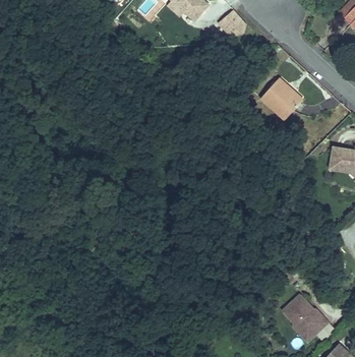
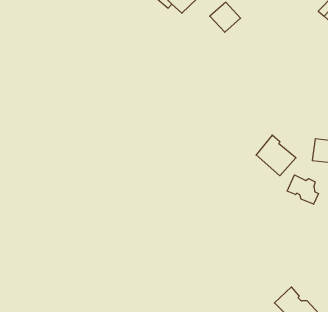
building: [267,76,307,118] -> [256,135,296,176]
building: none -> [287,175,319,204]

